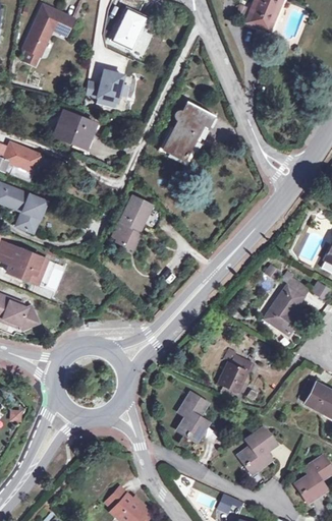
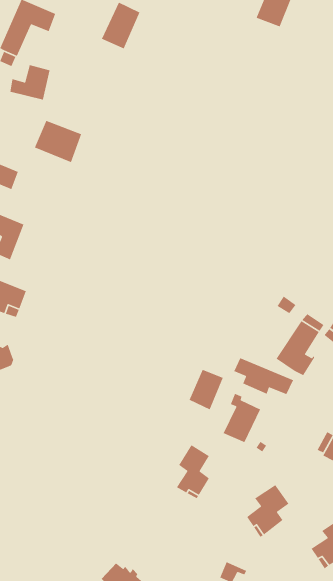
building: [87,70,122,102] -> [9,64,50,100]
building: [163,102,214,161] -> none
building: [117,194,162,250] -> none
building: none -> [233,357,294,395]
building: none -> [188,369,224,411]

